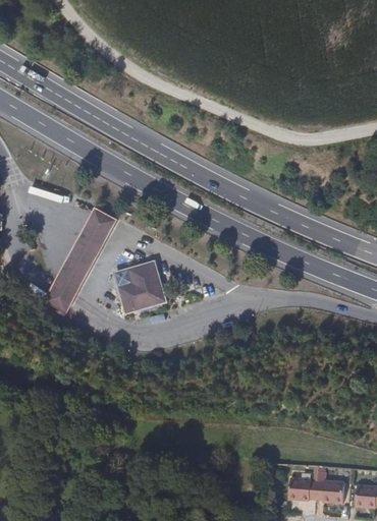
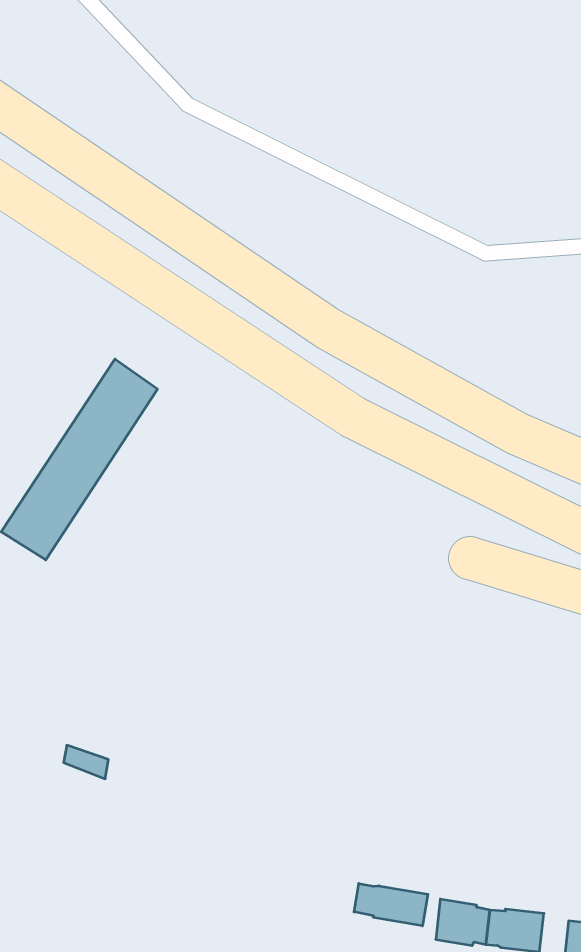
building: [112,258,166,313] -> none
building: none -> [354,883,428,926]

